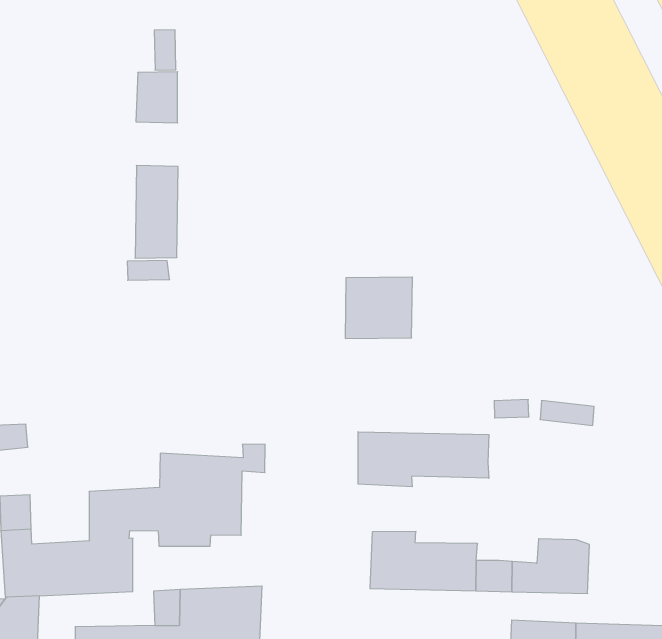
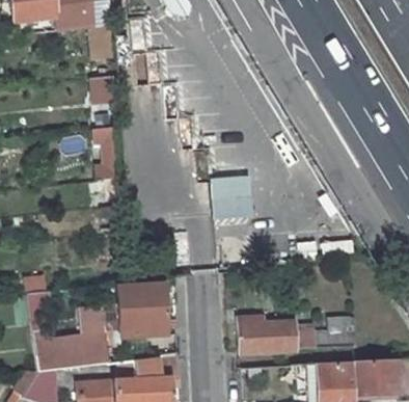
building: [358,432,489,487] -> none

